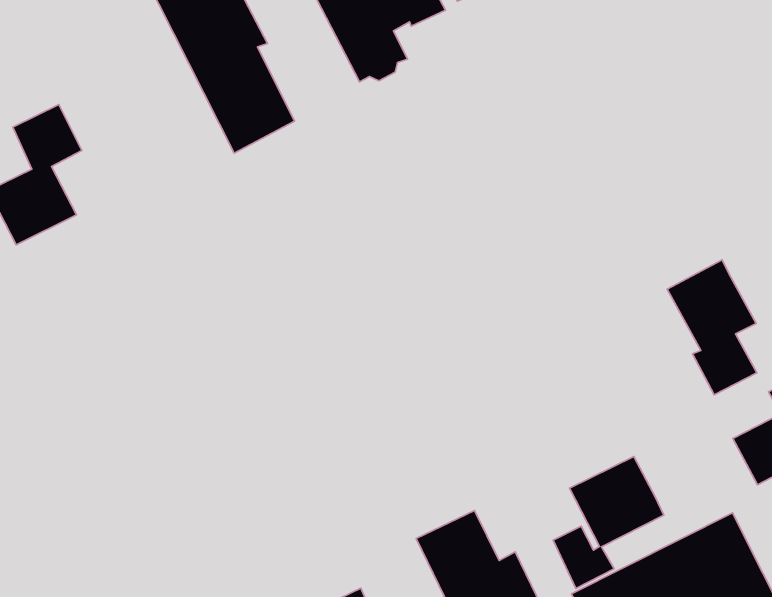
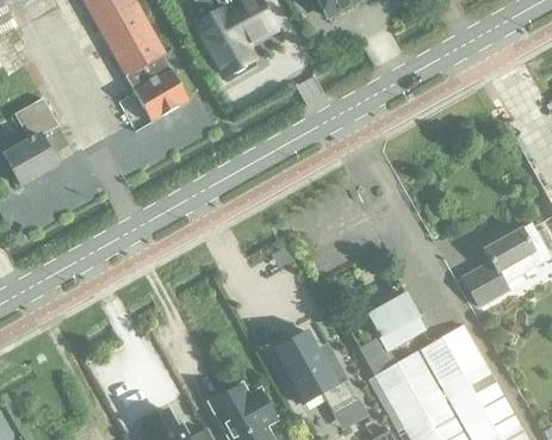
building: [667,260,757,395] -> none

